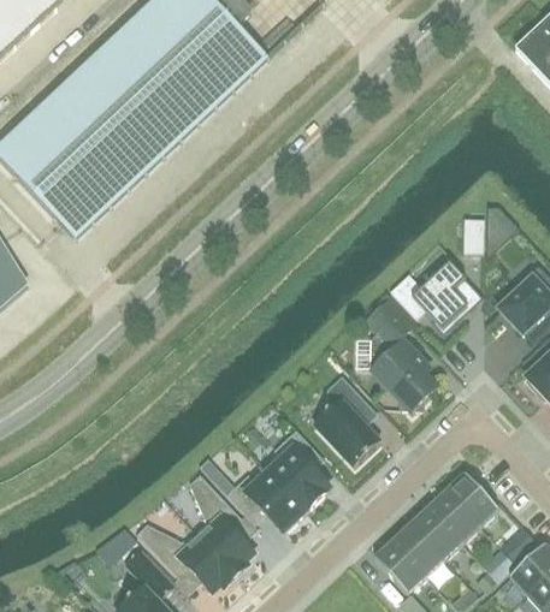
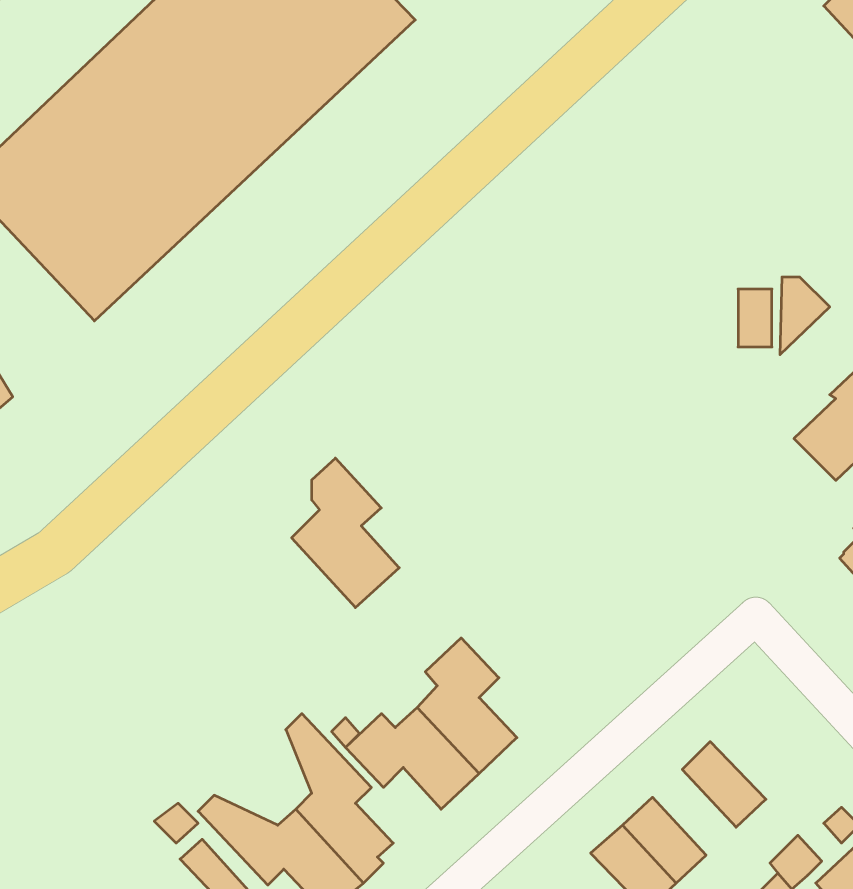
building: [412,260,475,333] -> none
building: [367,301,437,411] -> none
building: [315,374,380,464] -> [292,458,399,608]
building: [446,473,498,524] -> none
building: [412,506,462,558] -> none

